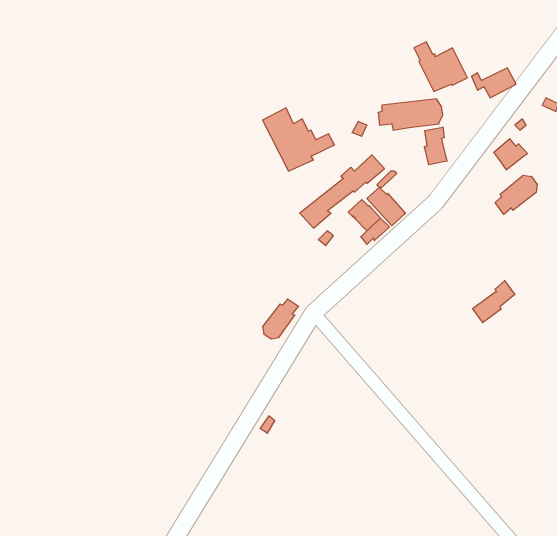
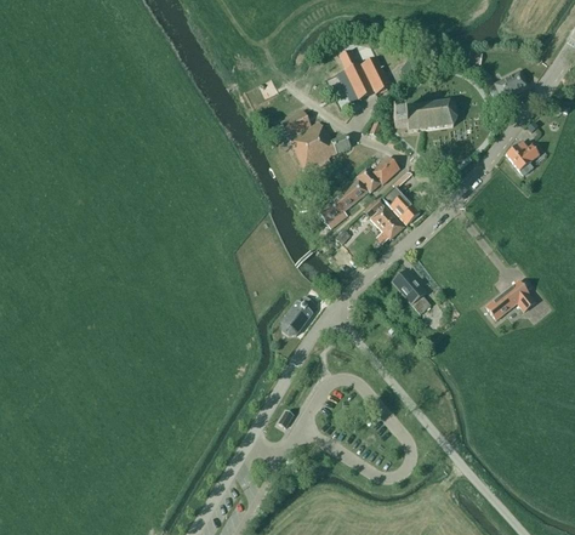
building: [414,42,467,91] -> [338,51,391,99]
building: [424,127,447,165] -> none
building: [495,175,537,214] -> none
building: none -> [392,271,431,315]

